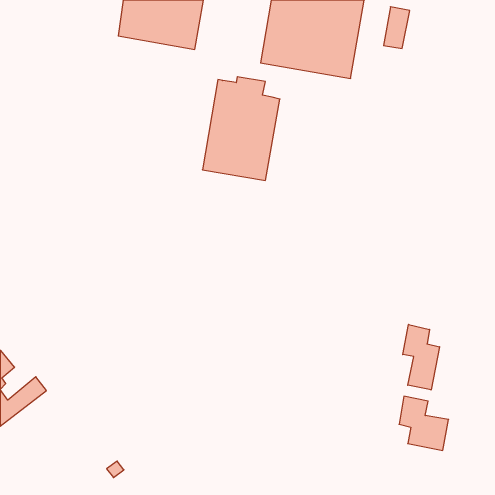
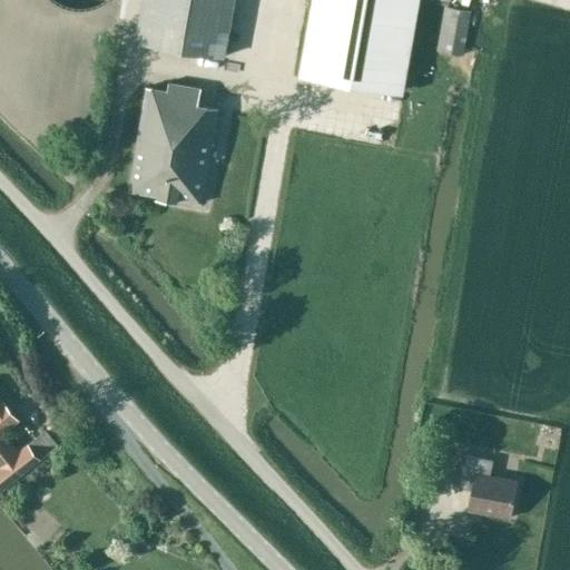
building: [202,77,280,180] -> [128,83,217,203]
building: [403,324,440,390] -> none

